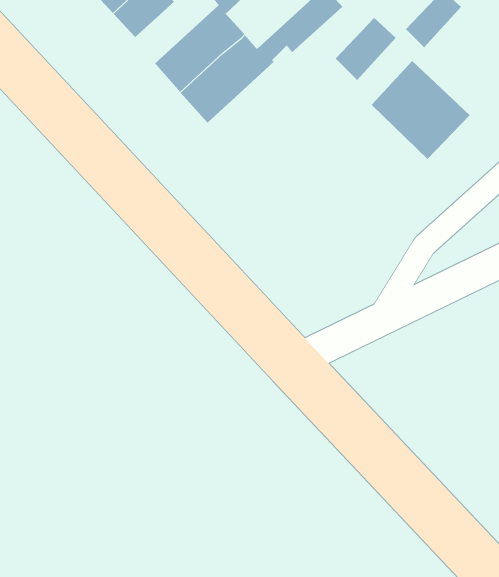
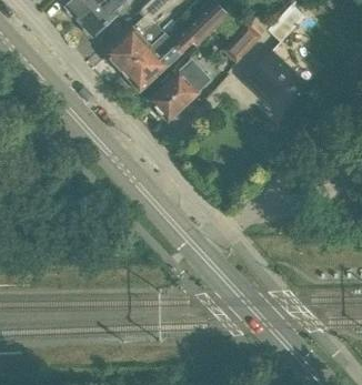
building: none -> [150,60,211,119]

